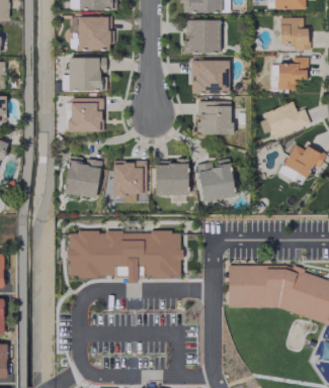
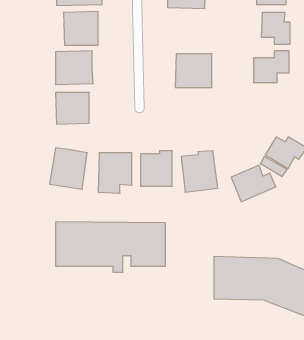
building: [183,19,220,54] -> none
building: [198,101,232,134] -> none
building: [264,101,310,138] -> [231,165,276,202]

